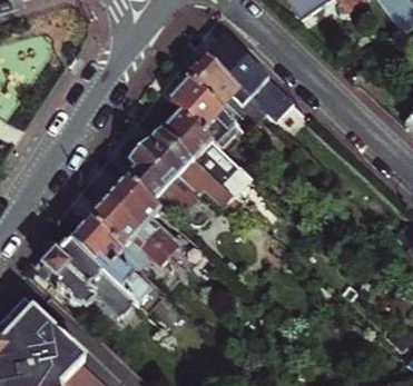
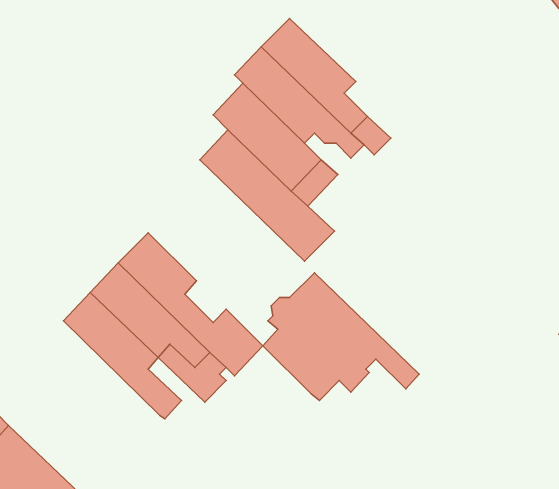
building: [128,128,233,214] -> [263,273,419,401]
building: [49,236,136,320] -> none

